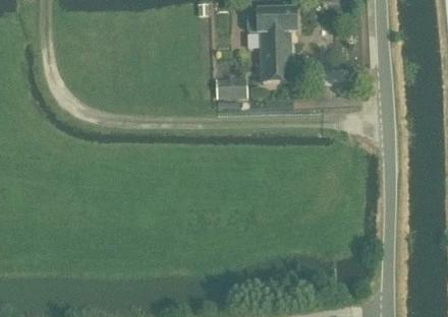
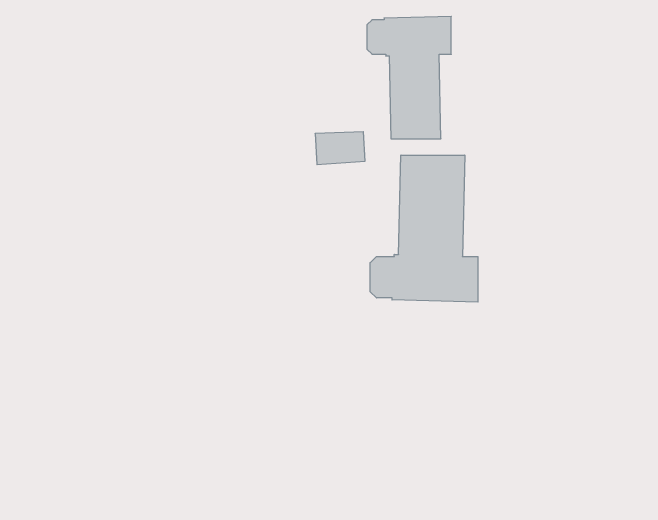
building: none -> [370,155,478,302]

